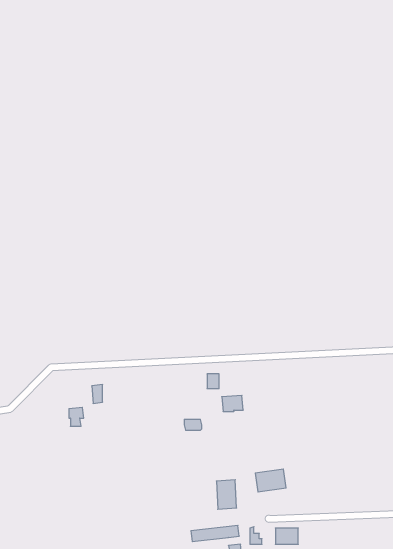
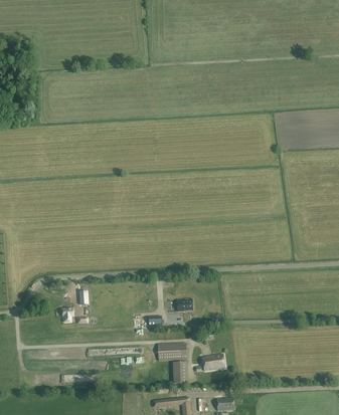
building: none -> [158,343,187,361]

